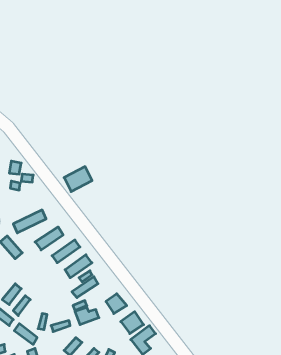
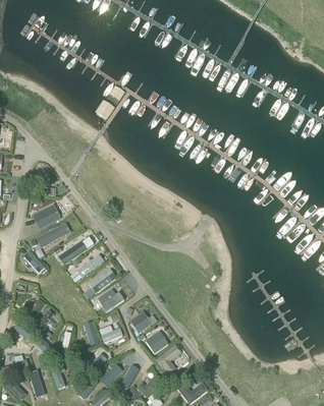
building: [64,167,92,192] -> [33,204,61,229]

